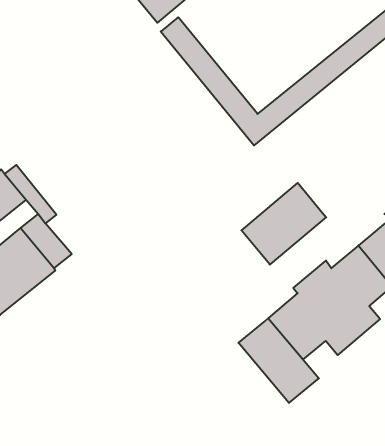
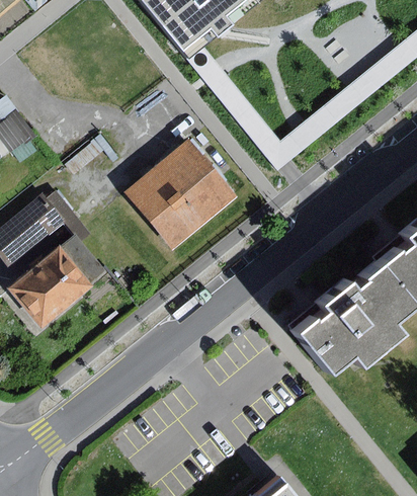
building: none -> [126,140,236,249]
building: [241,183,326,265] -> none
building: [238,318,319,403] -> none

